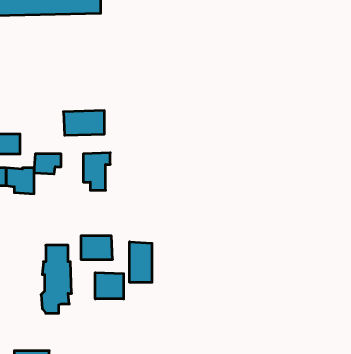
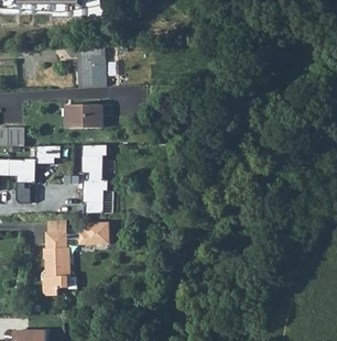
building: none -> [75,44,105,87]
building: none -> [83,179,108,212]
building: [130,242,152,282] -> none
building: [95,273,124,299] -> none

